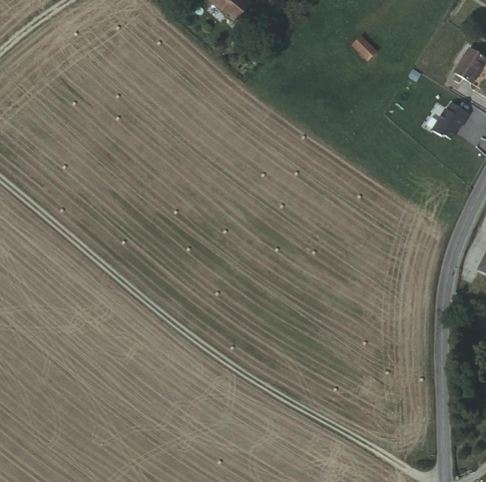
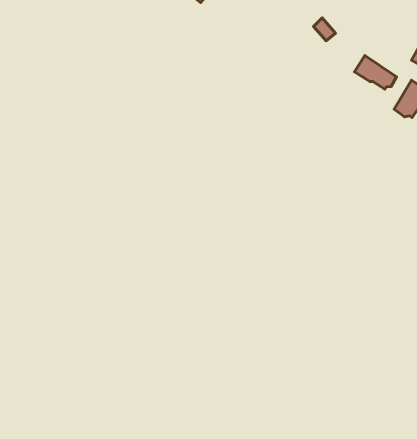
building: none -> [355,56,396,89]

